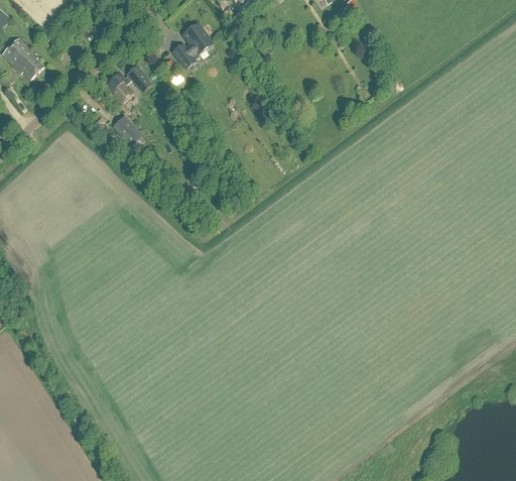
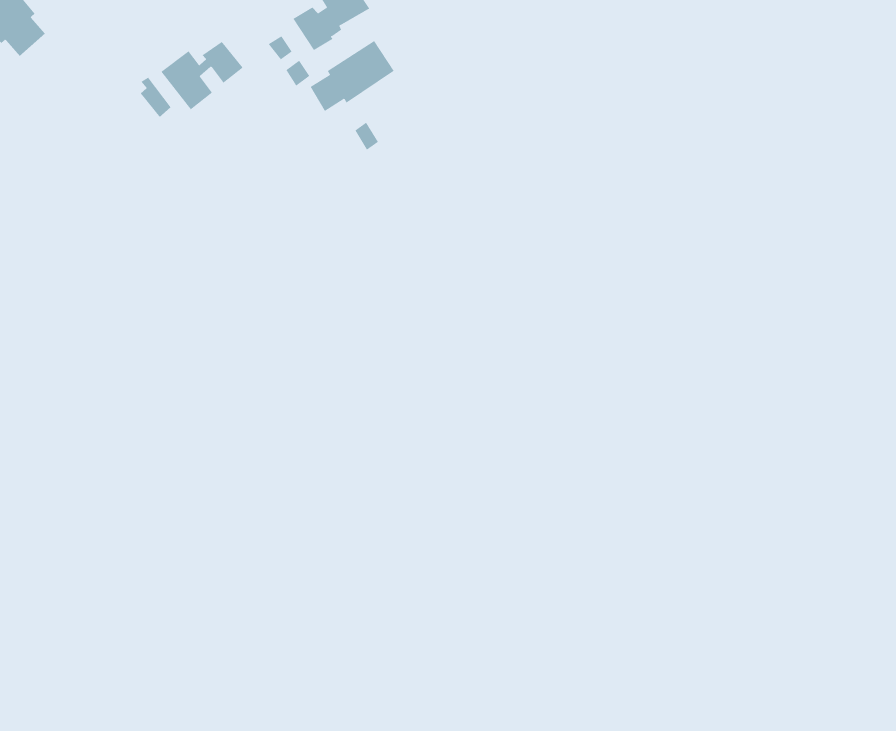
building: none -> [310,40,394,112]
building: [111,114,141,145] -> none

